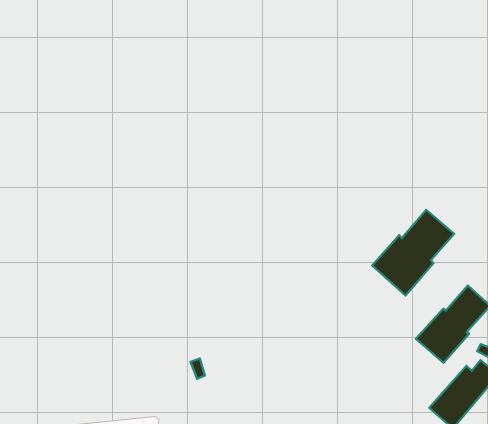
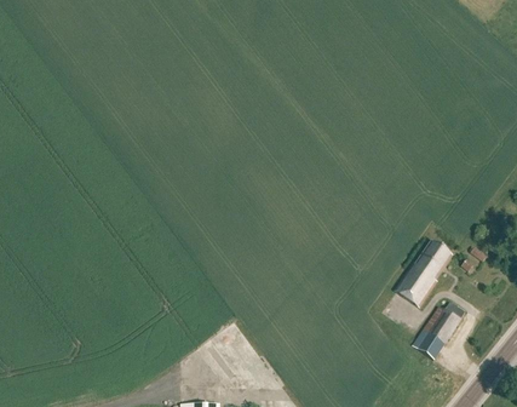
building: [372,210,454,296] -> none

